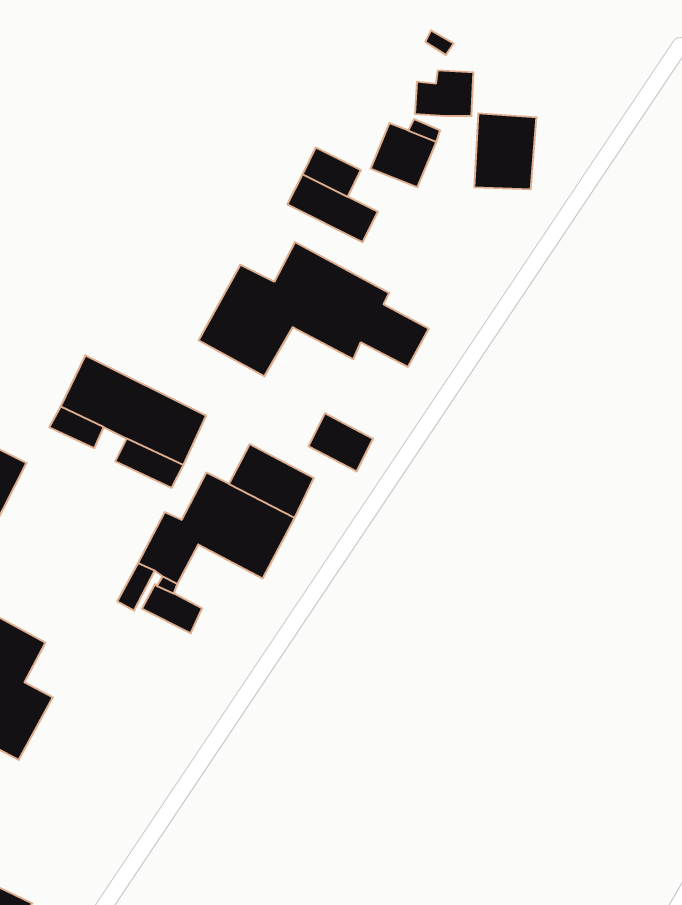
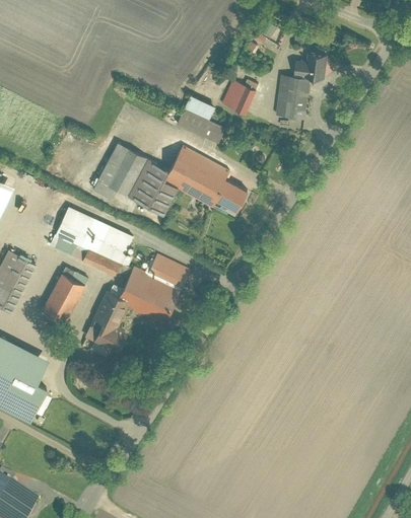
building: [415,71,473,116] -> [293,54,325,78]
building: none -> [92,143,149,200]
building: [309,413,373,472] -> none
building: none -> [45,274,86,322]

